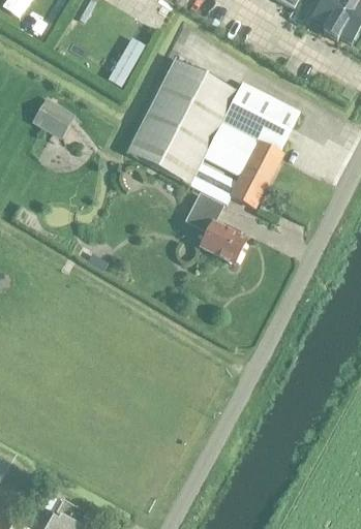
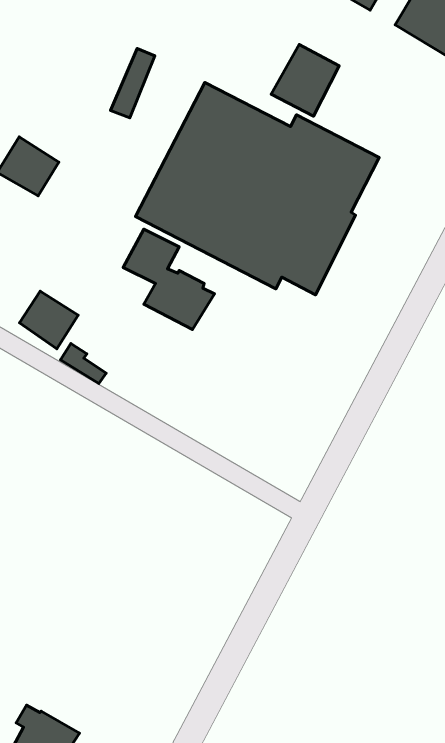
building: none -> [271,45,339,116]
building: [184,193,248,263] -> [123,229,215,329]
building: none -> [19,291,78,349]

